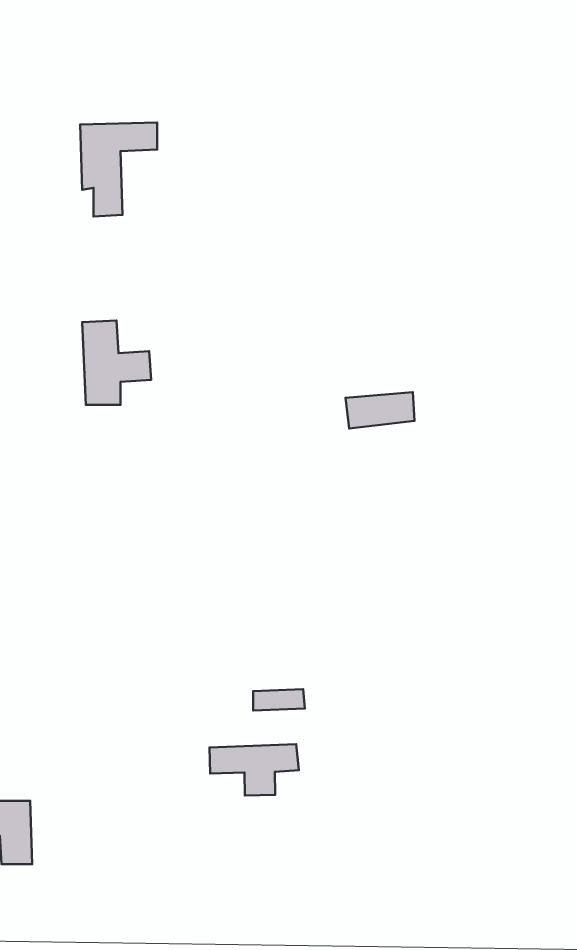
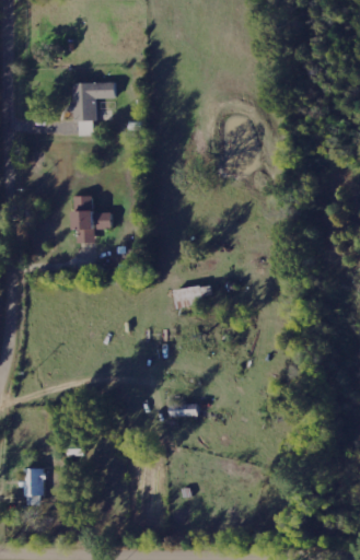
building: [345,392,415,429] -> [174,285,213,306]
building: [210,744,299,796] -> none

